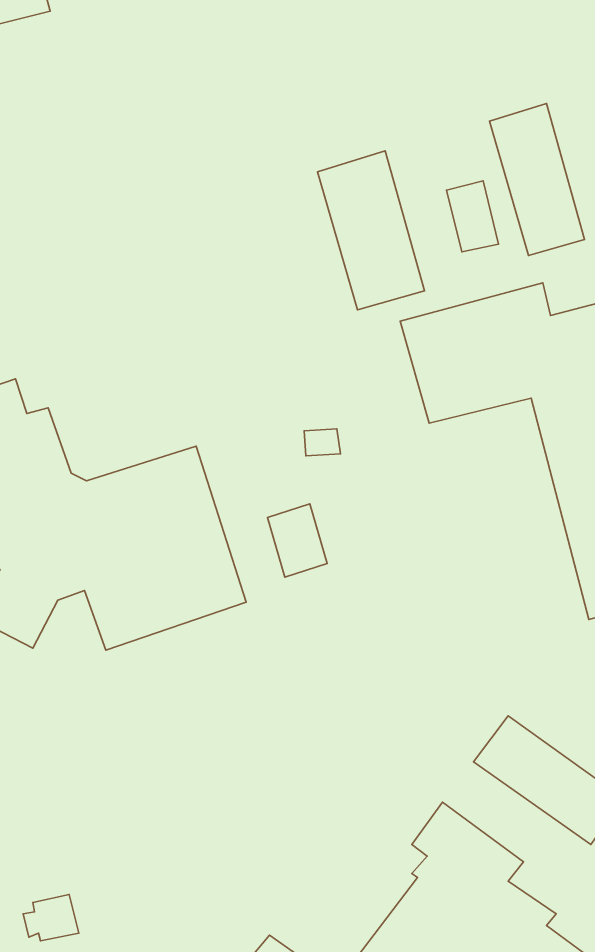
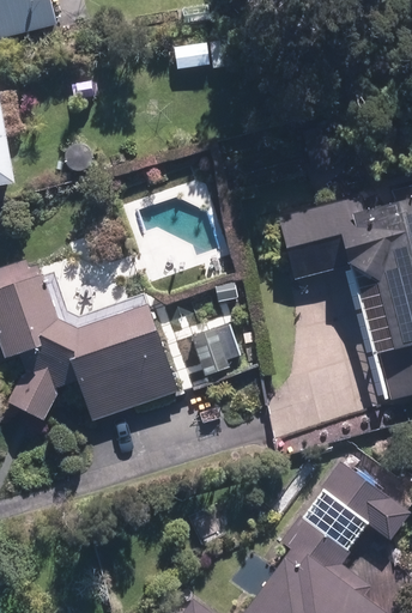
building: [490,103,585,255] -> none
building: [317,151,424,310] -> none

